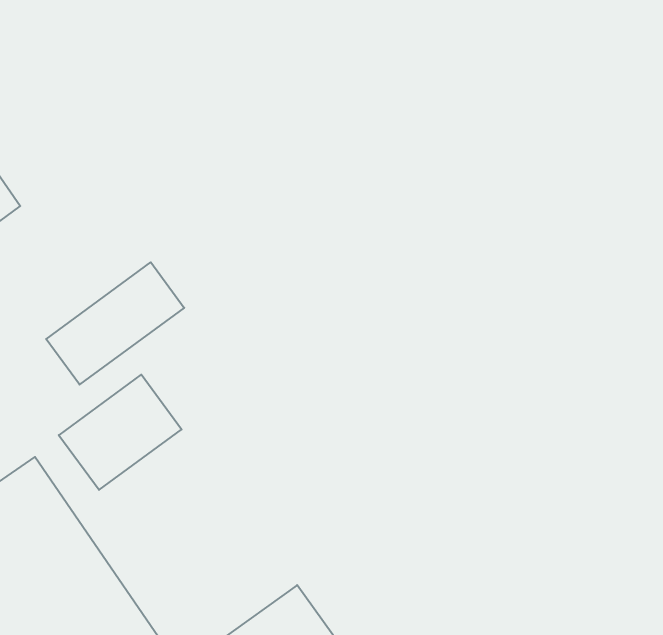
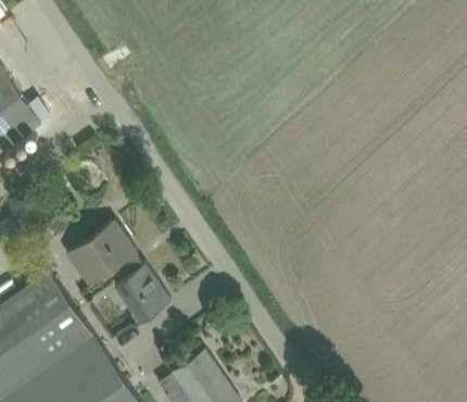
building: [46,262,184,385] -> none
building: none -> [112,263,169,323]

